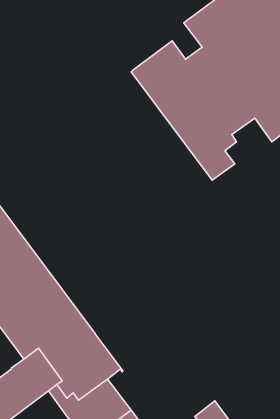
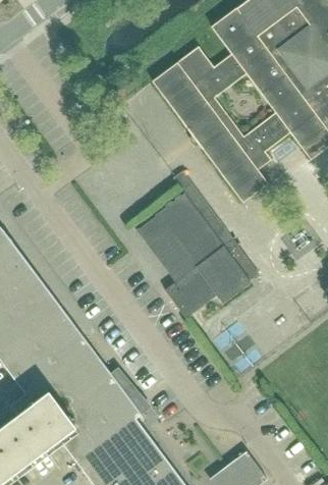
building: none -> [136,193,252,318]

